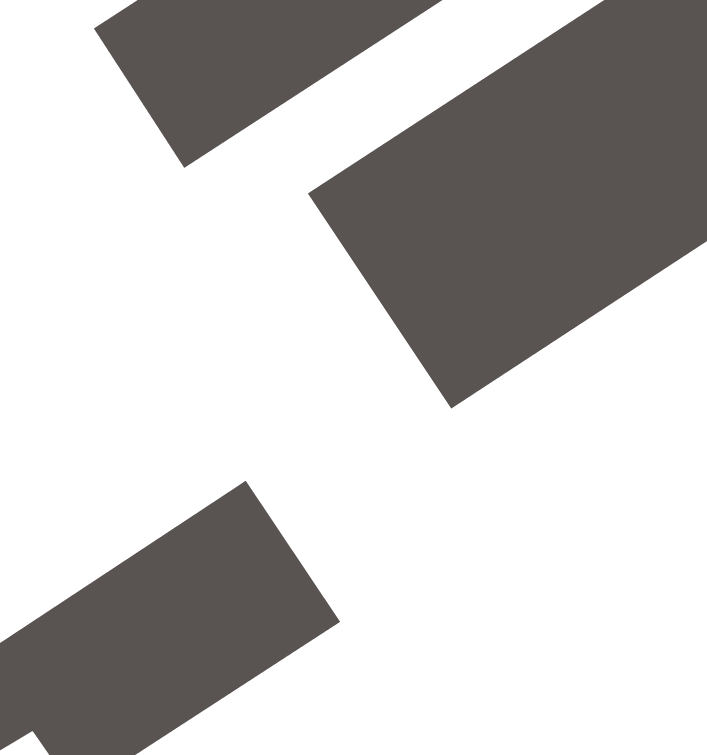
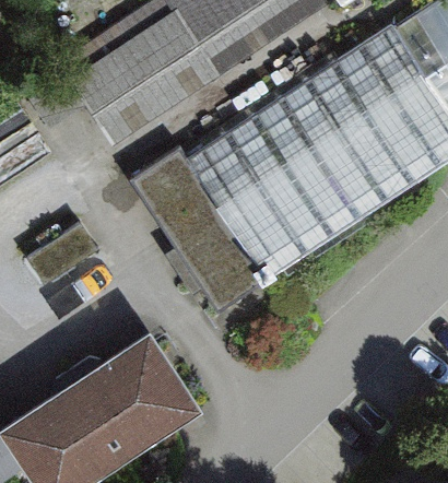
building: none -> [128,146,267,314]

